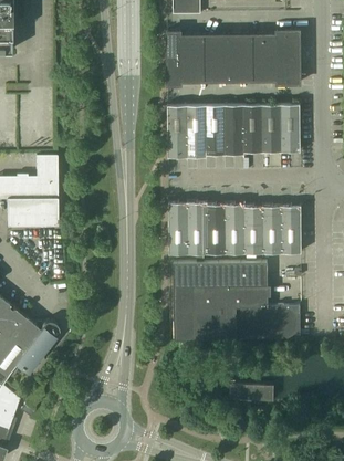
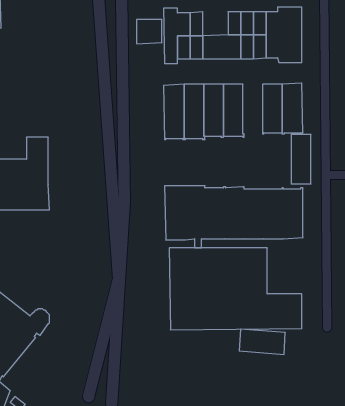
building: [205,35,229,59] -> [137,20,162,44]
building: [243,105,262,153] -> [291,134,311,184]
building: [230,381,274,406] -> [239,329,285,354]

